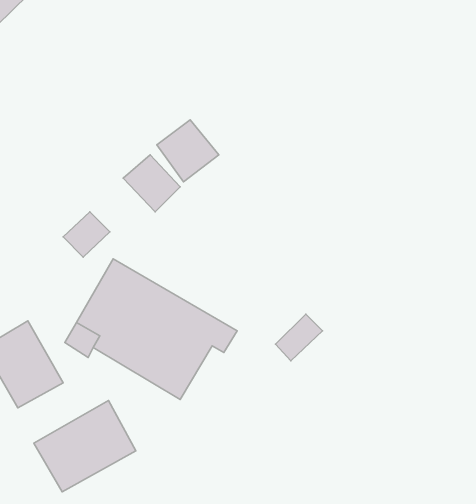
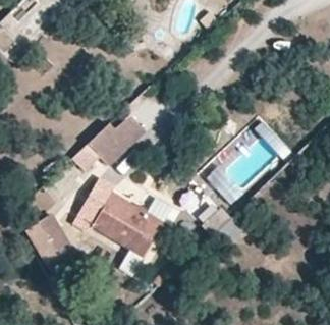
building: none -> [88,124,129,166]
building: [34,401,136,492] -> none

